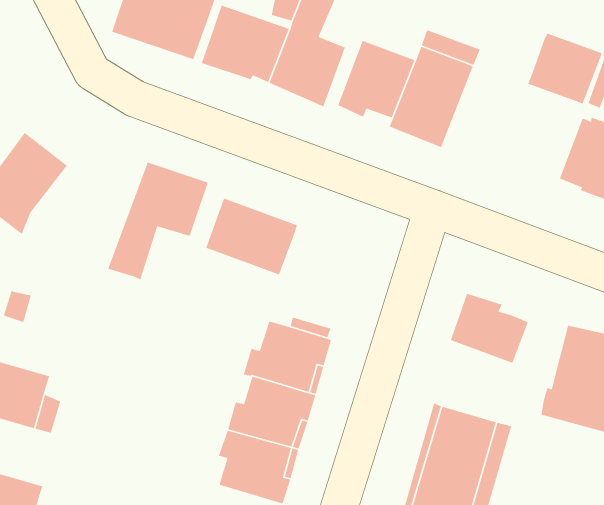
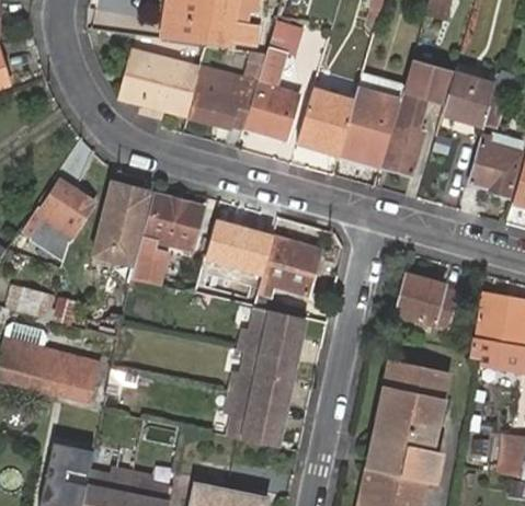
building: none -> [383,72,450,175]
building: none -> [93,181,152,265]
building: none -> [259,239,319,295]

